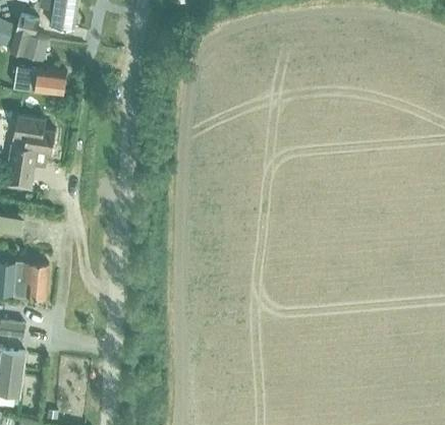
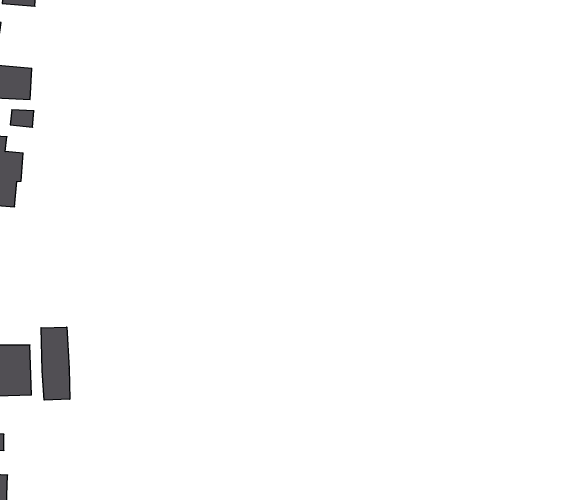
building: none -> [41,327,70,400]

